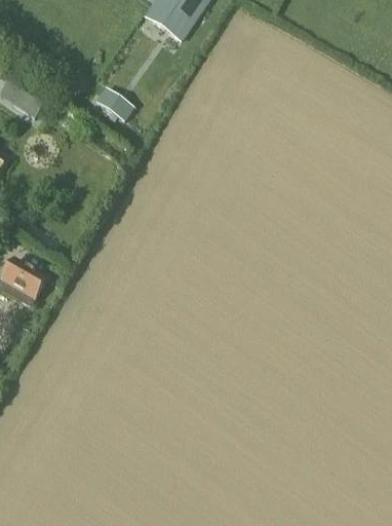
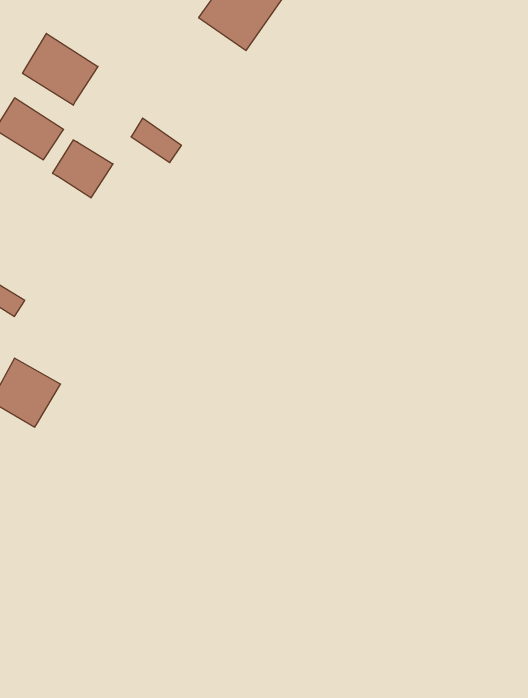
building: none -> [23,33,98,105]
building: none -> [53,140,113,198]

